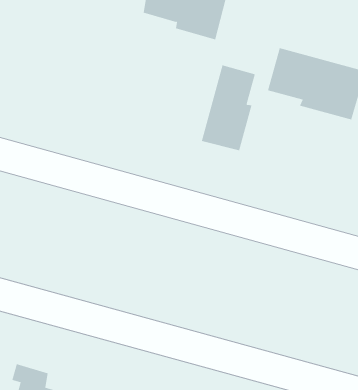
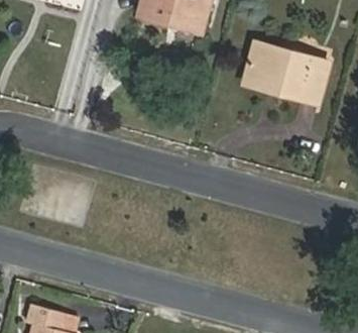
building: [201,65,256,151] -> none

